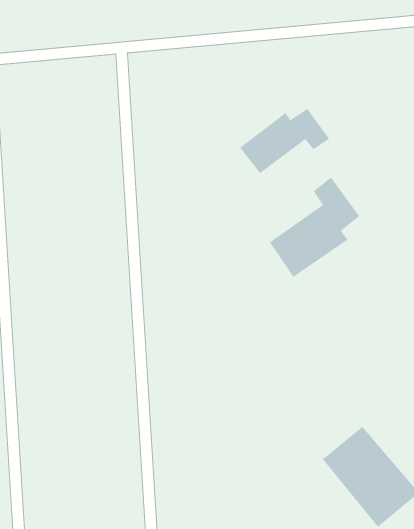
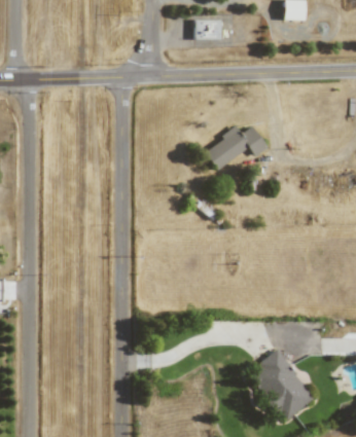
building: [269,177,360,278] -> none

